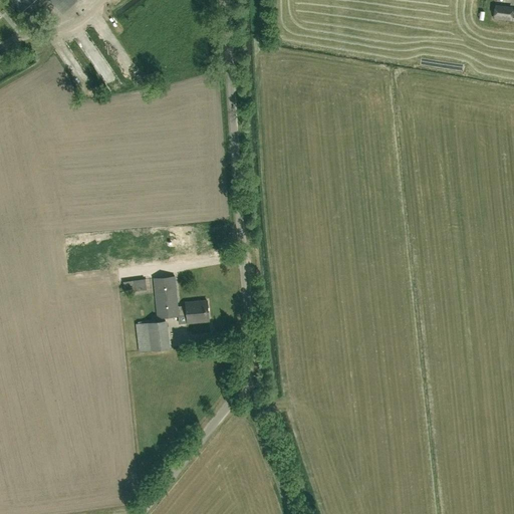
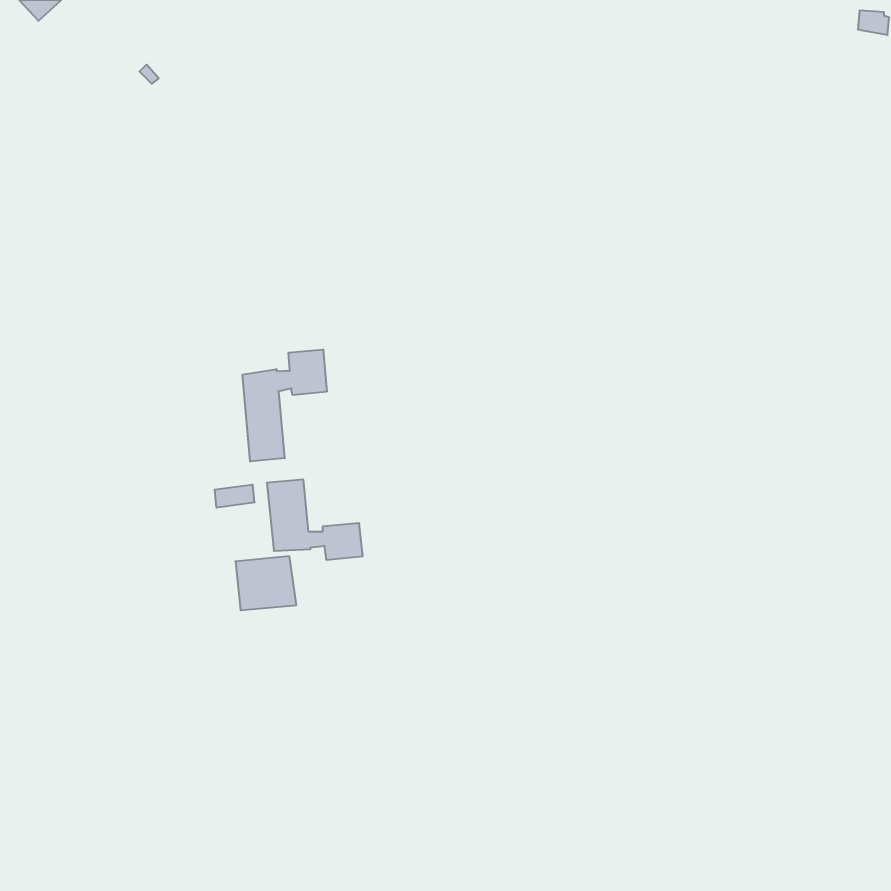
building: none -> [242,349,327,462]

